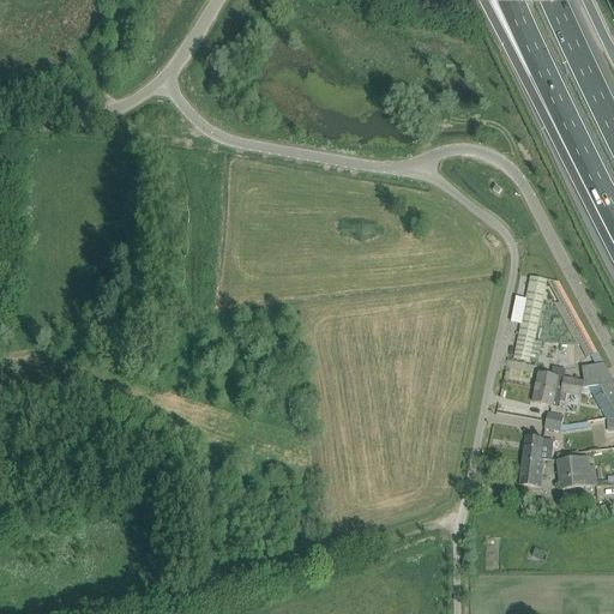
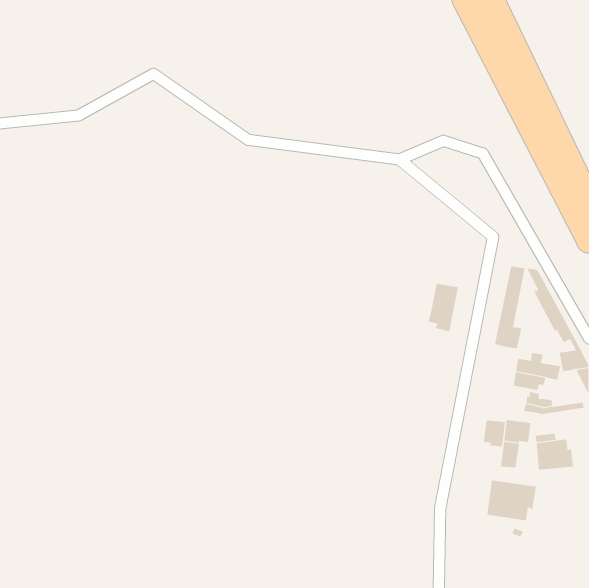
building: none -> [428,283,459,332]
building: none -> [483,420,506,447]
building: none -> [487,480,537,521]

